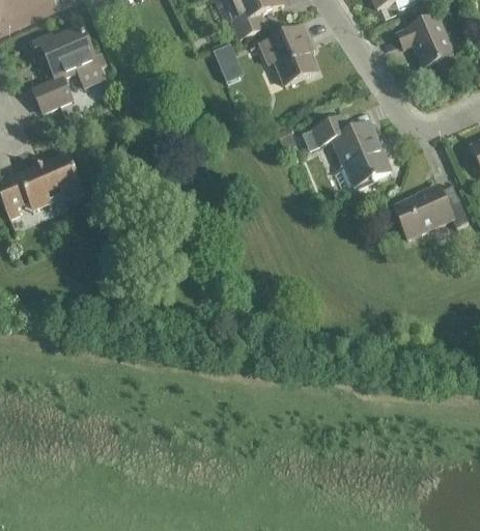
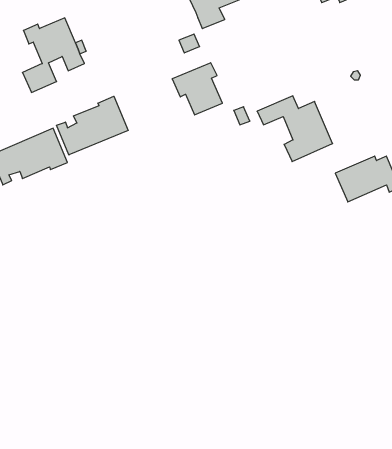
building: [397,15,454,68] -> none
building: [259,24,317,84] -> [172,63,222,115]
building: none -> [56,96,128,155]

